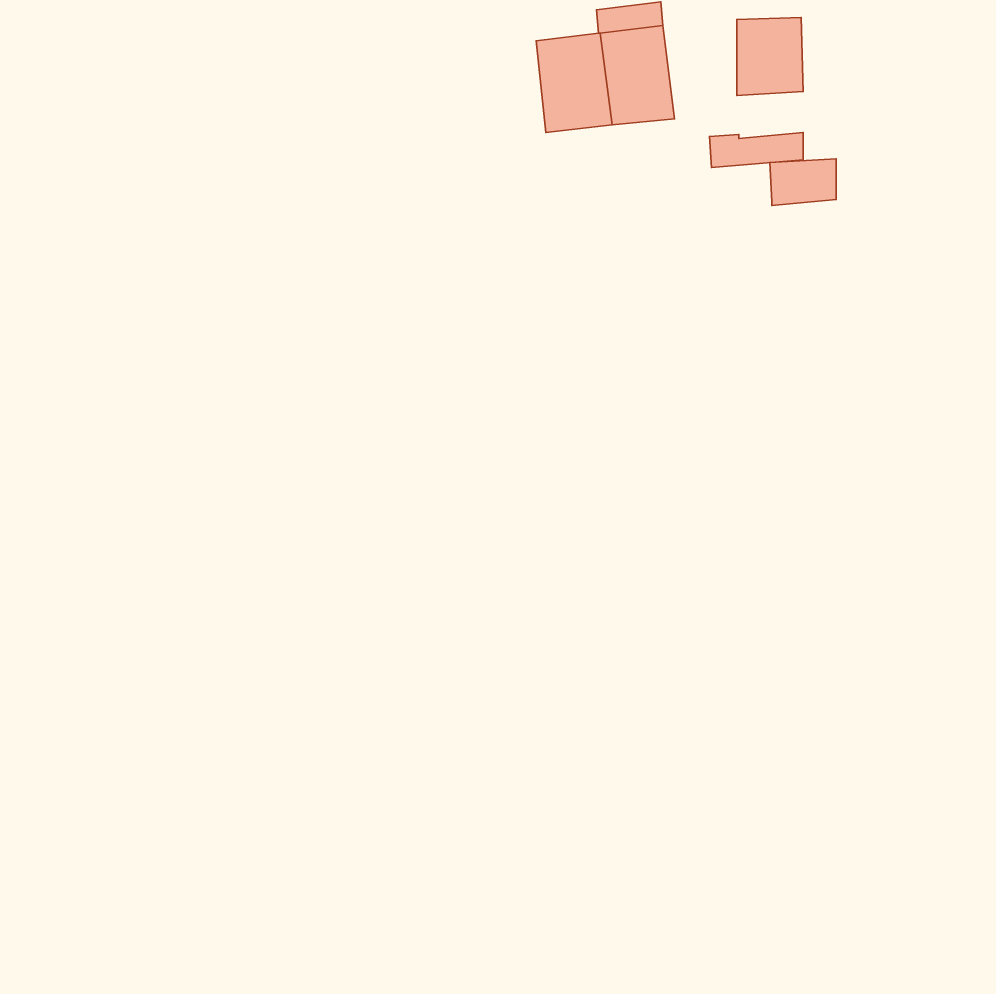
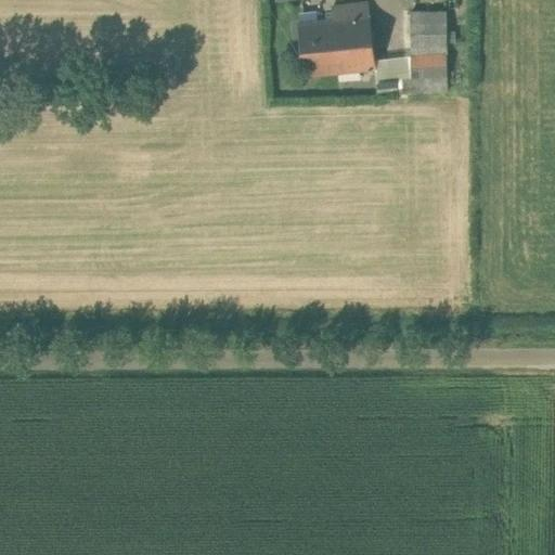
building: [770,159,836,206] -> [410,51,447,77]

